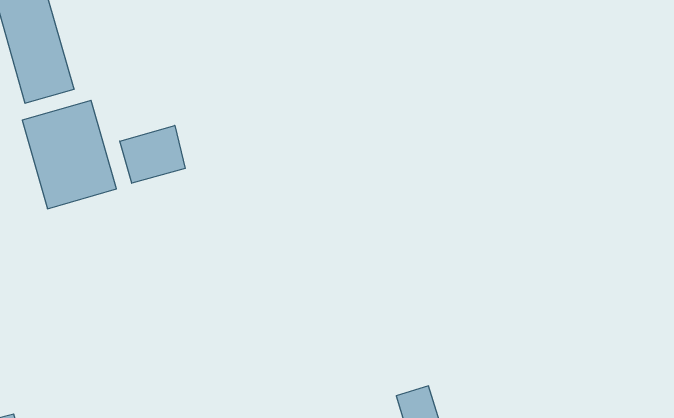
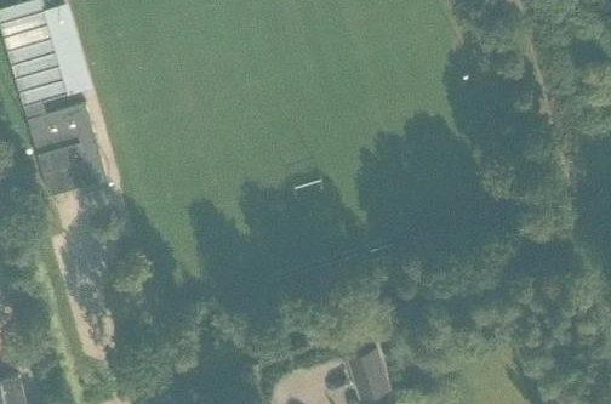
building: [120,125,185,183] -> none

